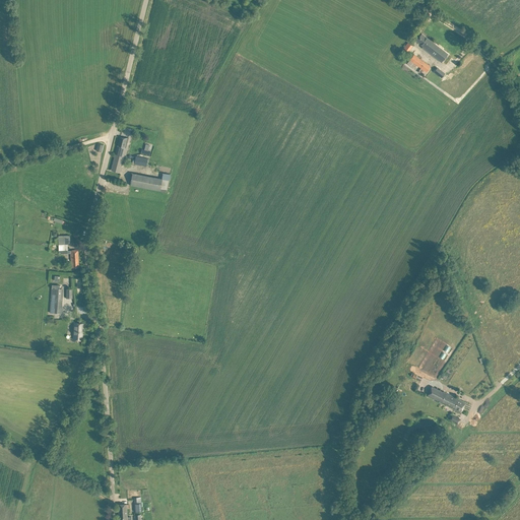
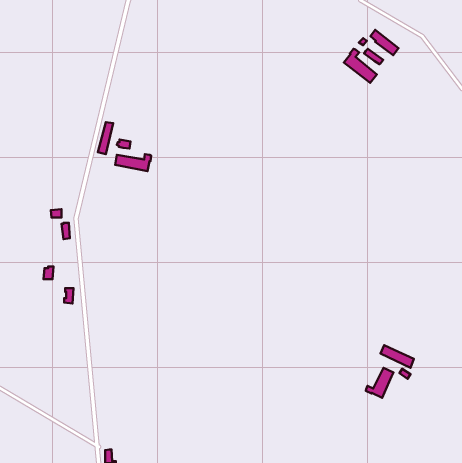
building: none -> [344,49,377,83]
building: none -> [366,368,393,398]

